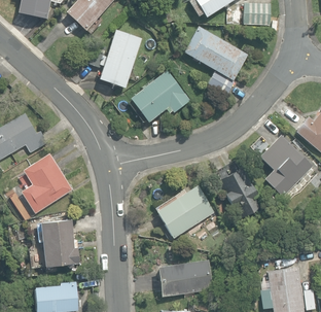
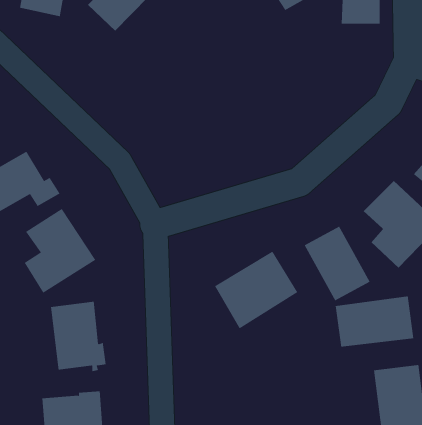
building: [182,25,249,79] -> none
building: [87,30,144,89] -> none
building: [130,69,190,120] -> none
building: [158,259,214,296] -> [335,296,414,347]

